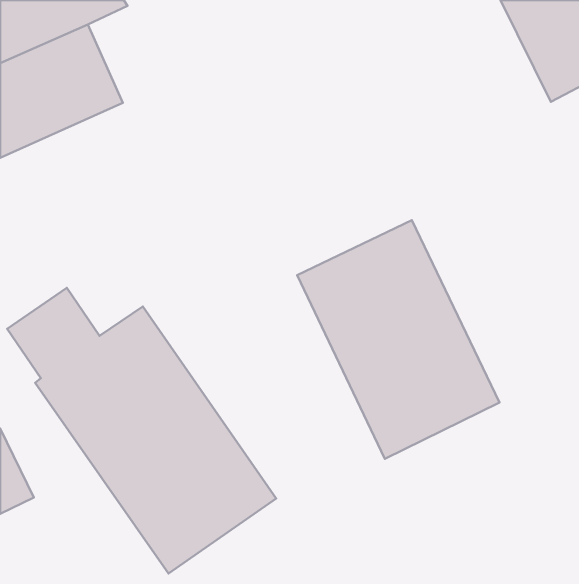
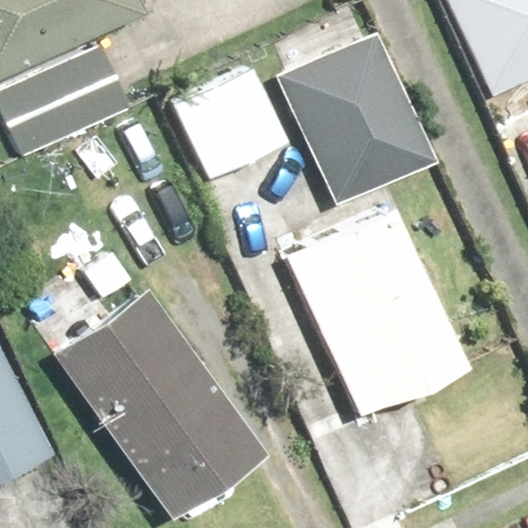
building: none -> [273,30,420,192]
building: none -> [169,62,282,173]

